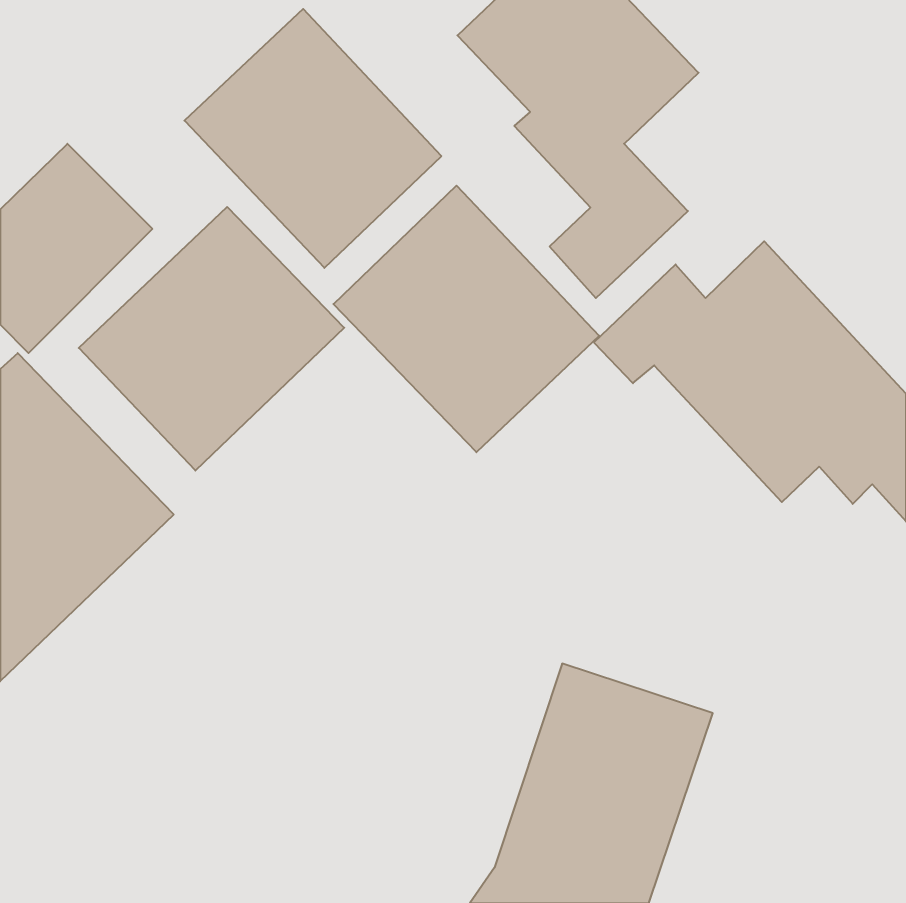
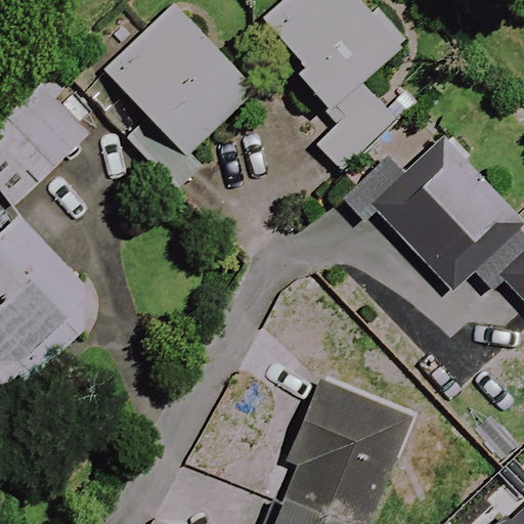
building: [333,186,599,452] -> none
building: [79,207,344,471] -> none

